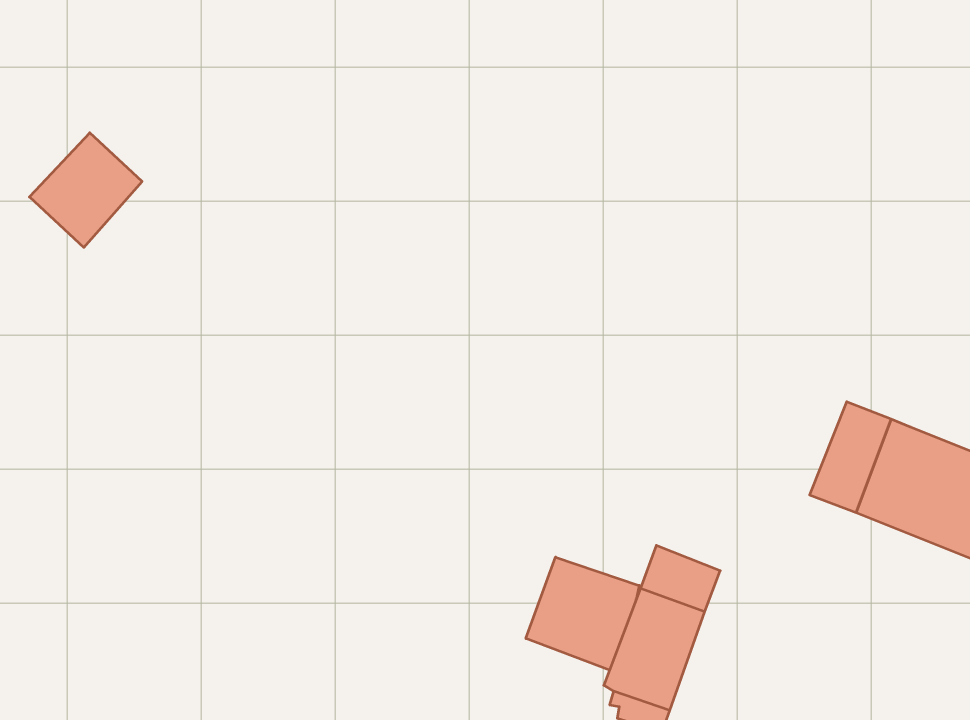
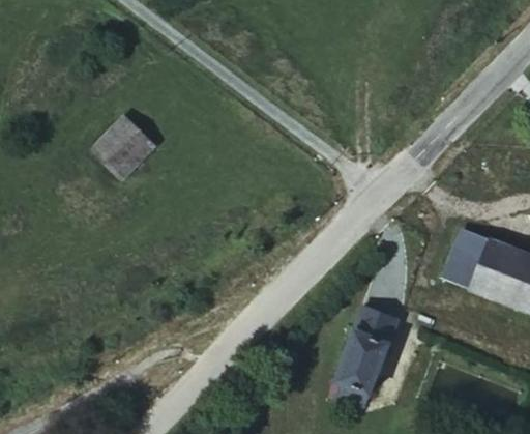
building: [29,133,142,247] -> [92,118,152,179]
building: [526,557,639,670] -> none

